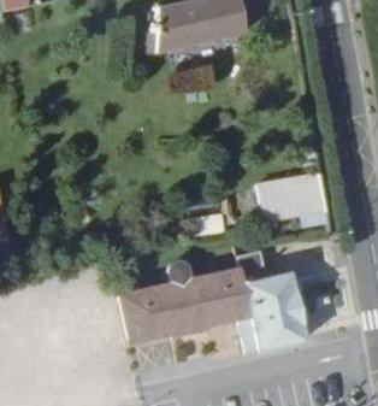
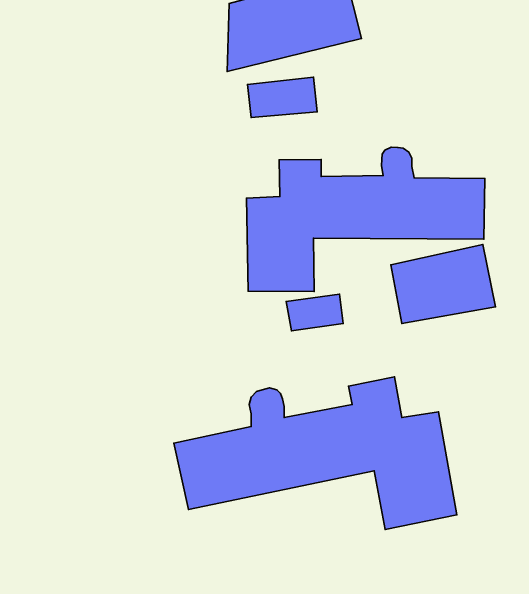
building: none -> [246,147,485,291]

